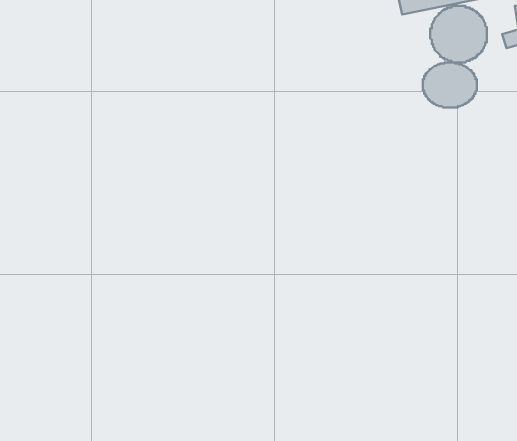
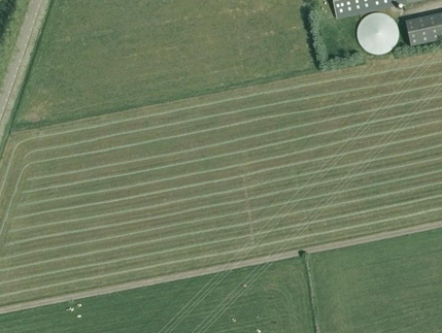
building: [423,62,477,107] -> none

